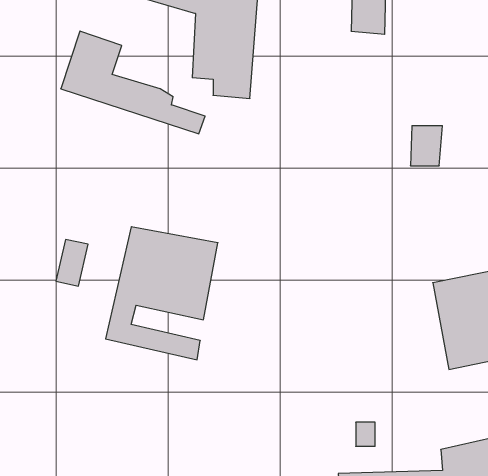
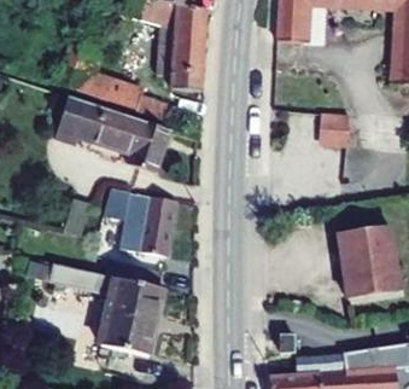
building: none -> [55,95,170,173]
building: none -> [52,263,165,355]

